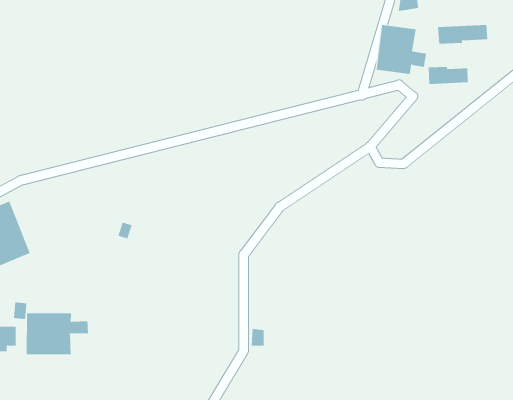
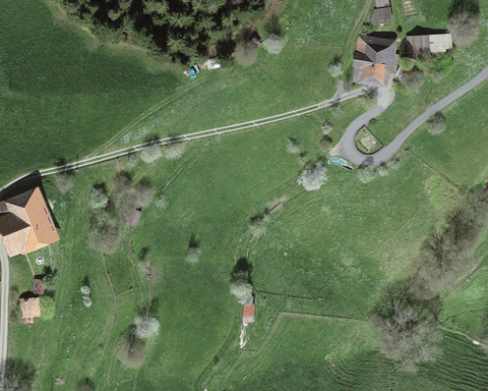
building: [428,66,468,85] -> none
building: [26,312,88,355] -> none

